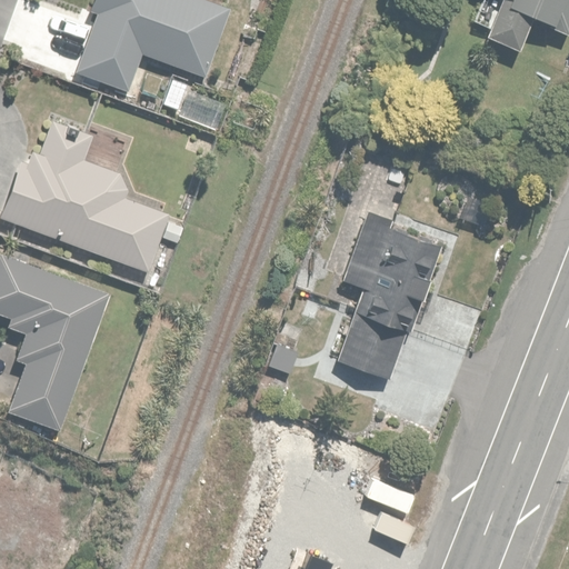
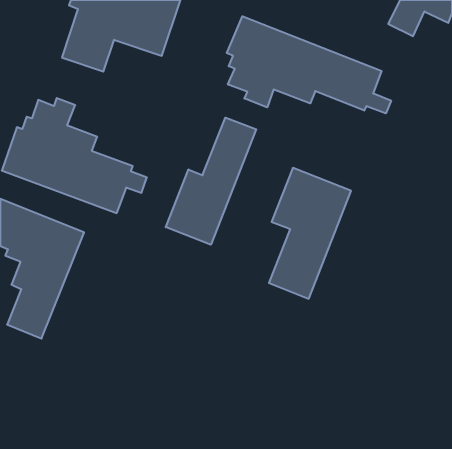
building: none -> [227,16,391,113]
building: none -> [166,118,256,245]

